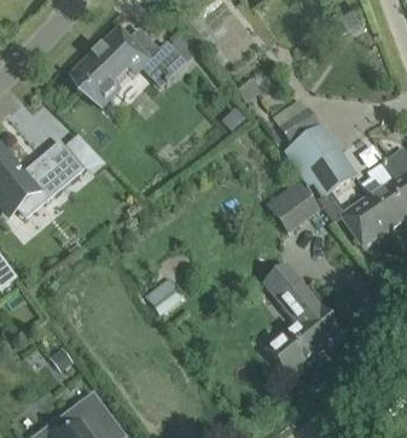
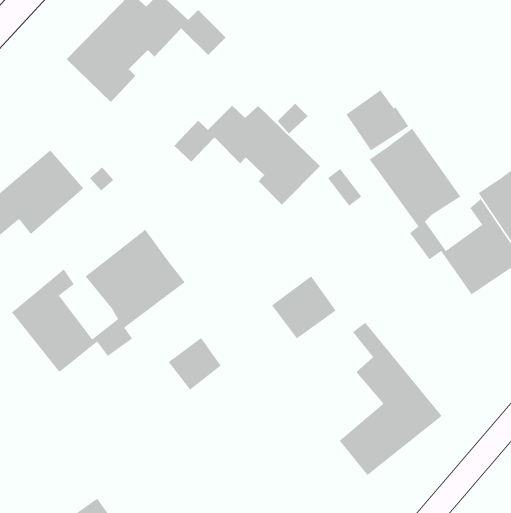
building: none -> [174,105,321,206]
building: [267,181,314,227] -> [271,275,337,339]
building: none -> [11,229,185,373]

